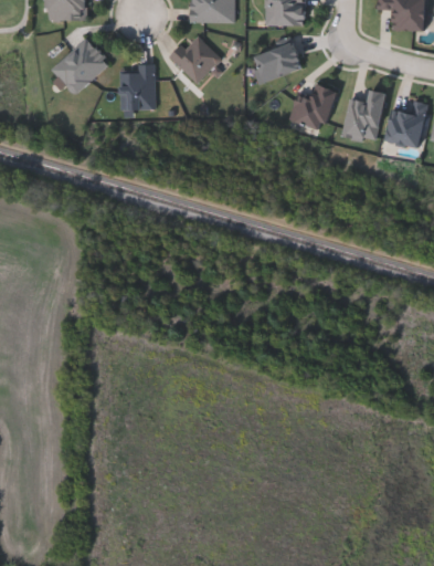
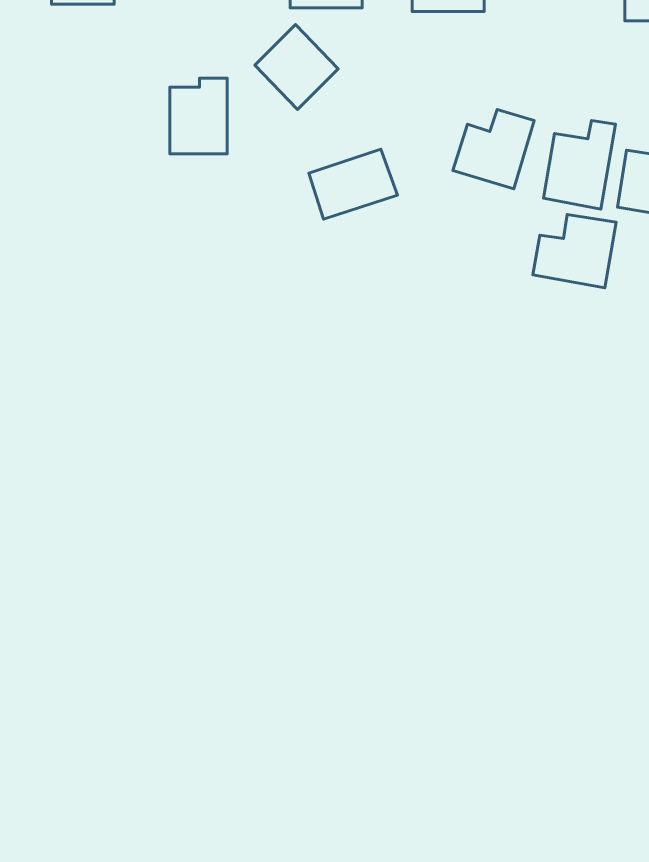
building: [52,38,109,95] -> none
building: [251,41,304,83] -> [309,149,398,219]
building: none -> [533,214,616,288]

